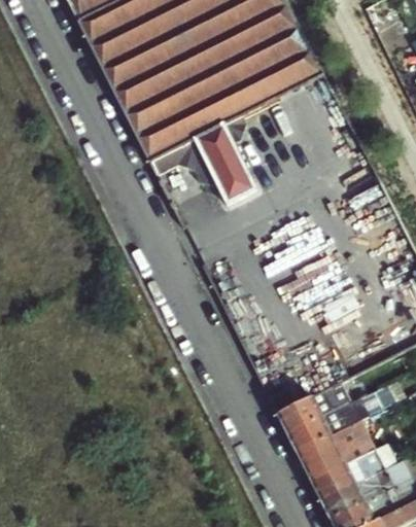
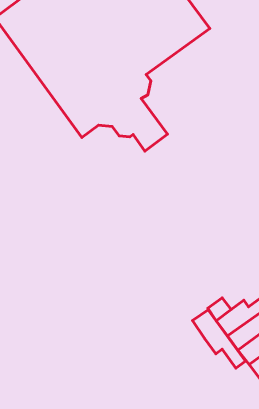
building: none -> [192,310,245,368]

